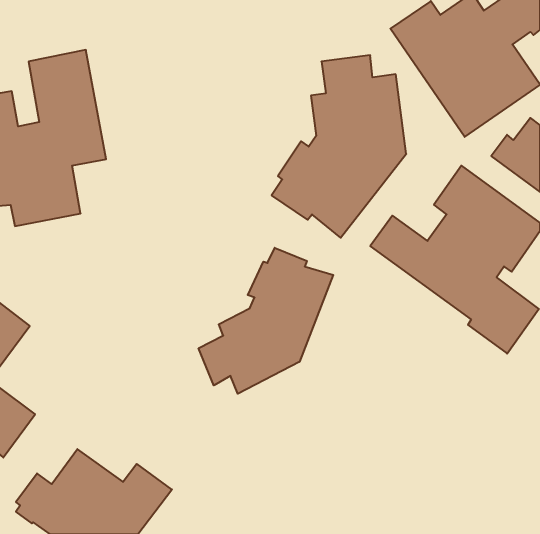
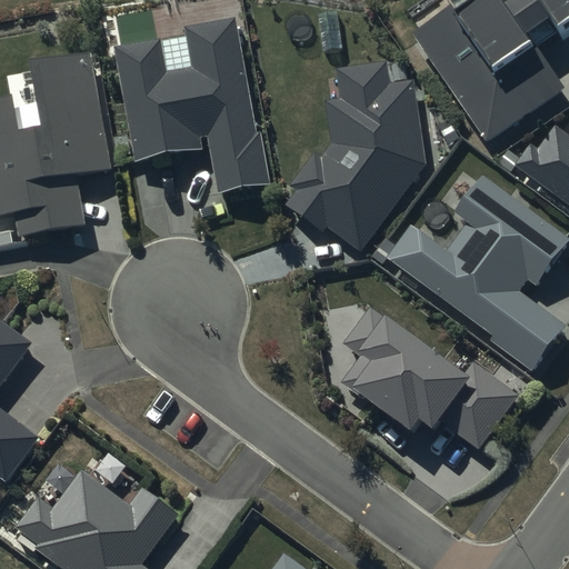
building: none -> [112,16,271,192]
building: [199,248,333,394] -> none
building: none -> [340,306,517,446]

